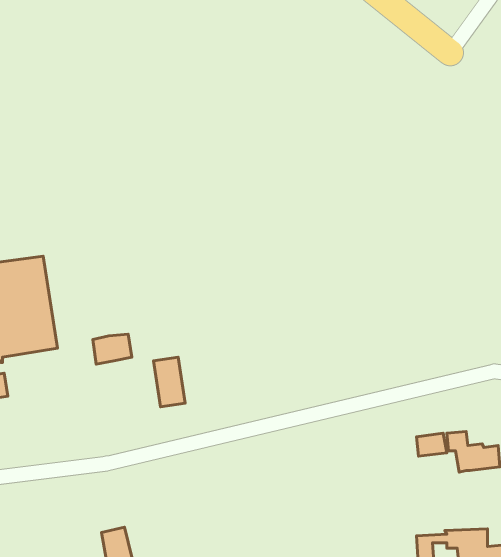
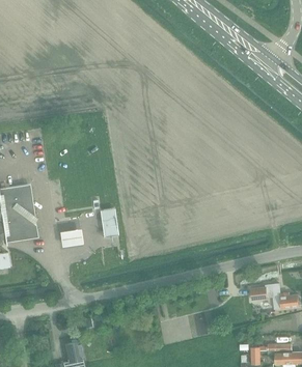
building: [153,357,185,407] -> [99,208,117,237]

